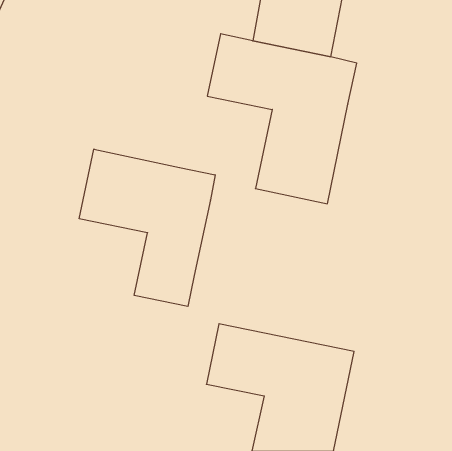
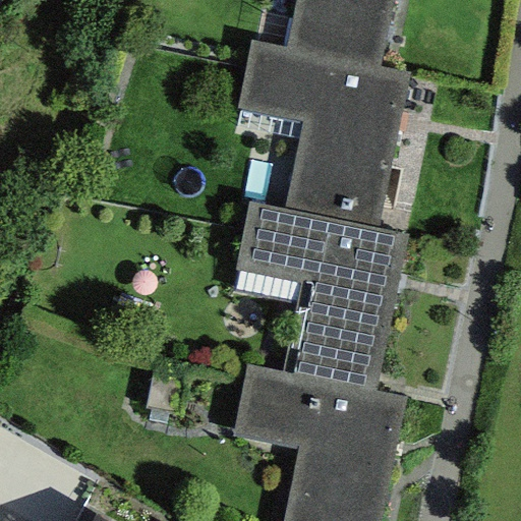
building: [79,149,215,306] -> none
building: none -> [237,211,405,390]

